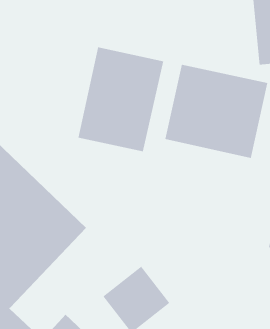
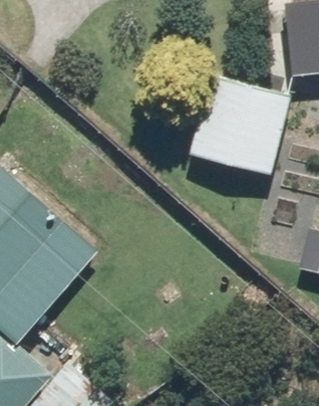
building: [78,46,164,152] -> none

